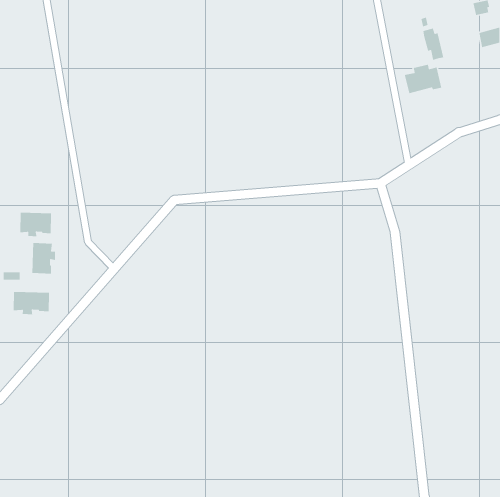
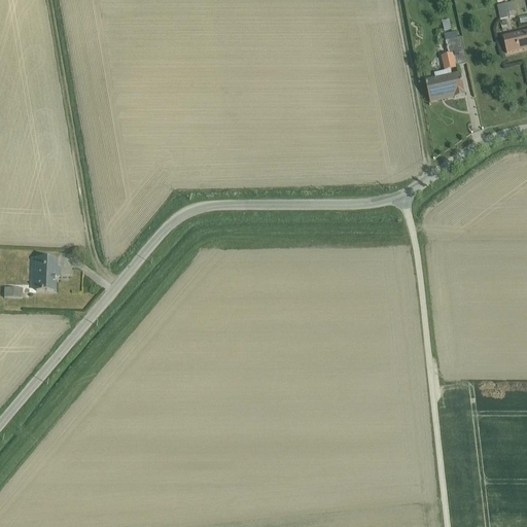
building: [20,212,52,237] -> none
building: [13,291,50,315] -> none

